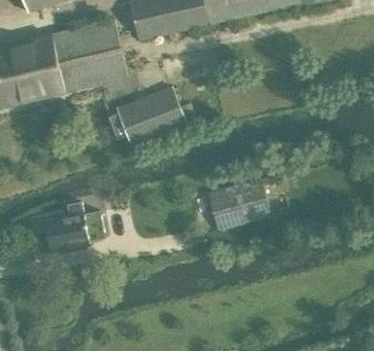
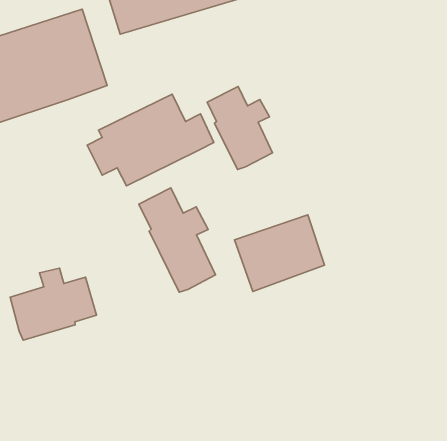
building: none -> [207,87,272,170]
building: none -> [139,188,215,292]

